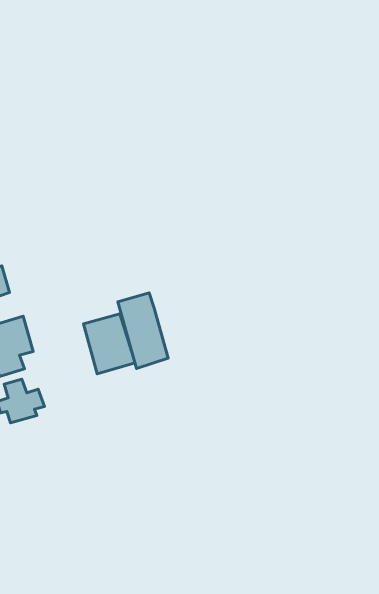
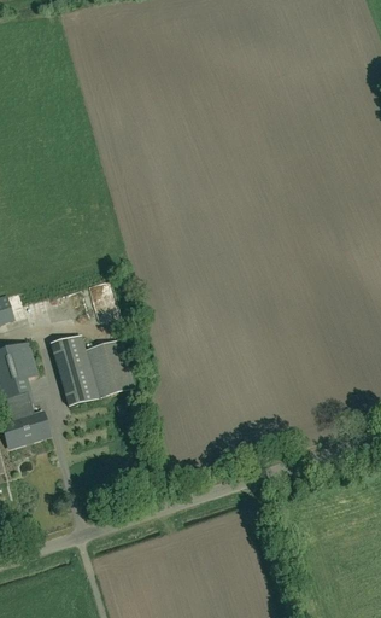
building: [118,293,168,368] -> [51,334,99,407]

